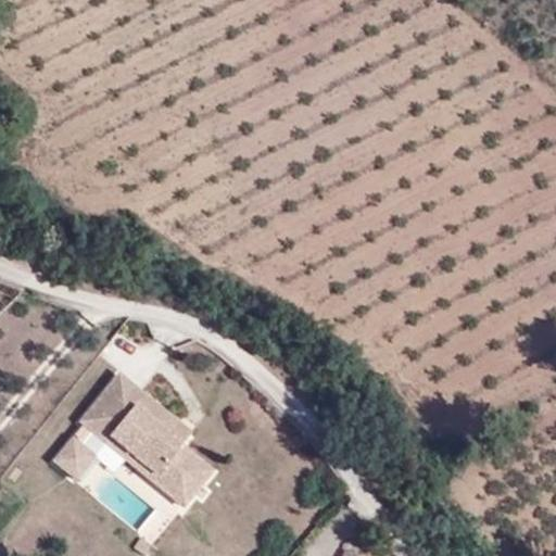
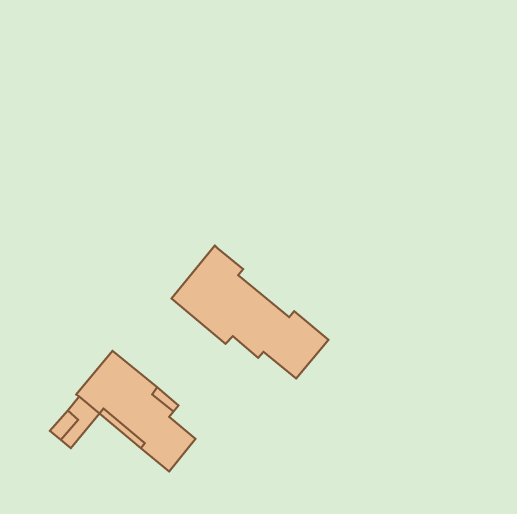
building: none -> [171,245,329,378]

